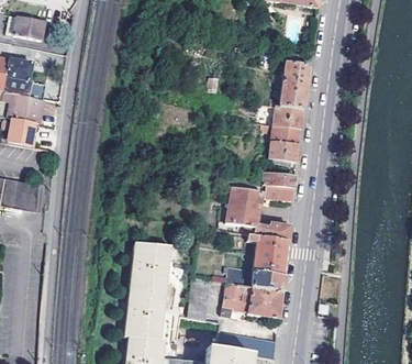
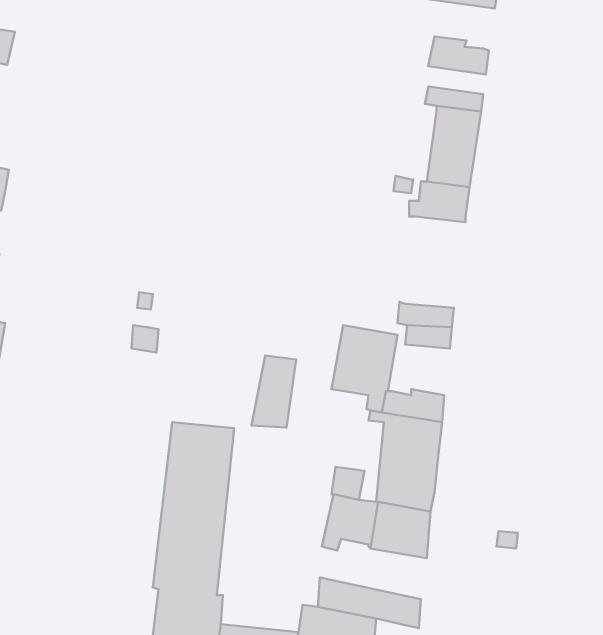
building: none -> [428,37,489,74]
building: [269,125,302,163] -> none
building: [185,277,210,318] -> [252,356,296,427]

